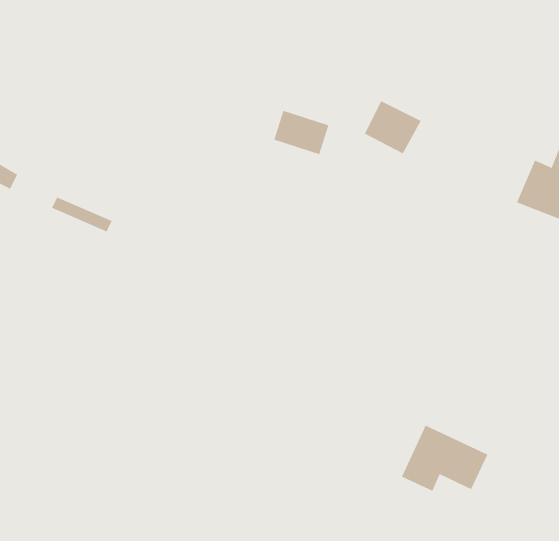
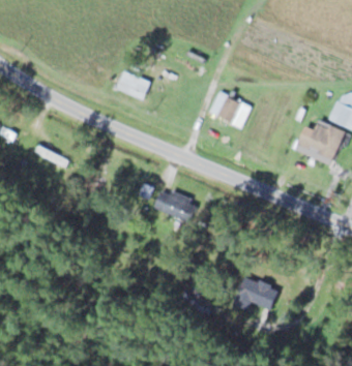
building: [273,110,329,155] -> [117,72,148,97]
building: none -> [159,188,198,222]

